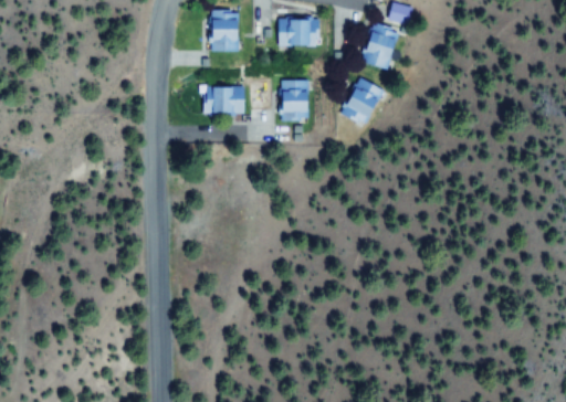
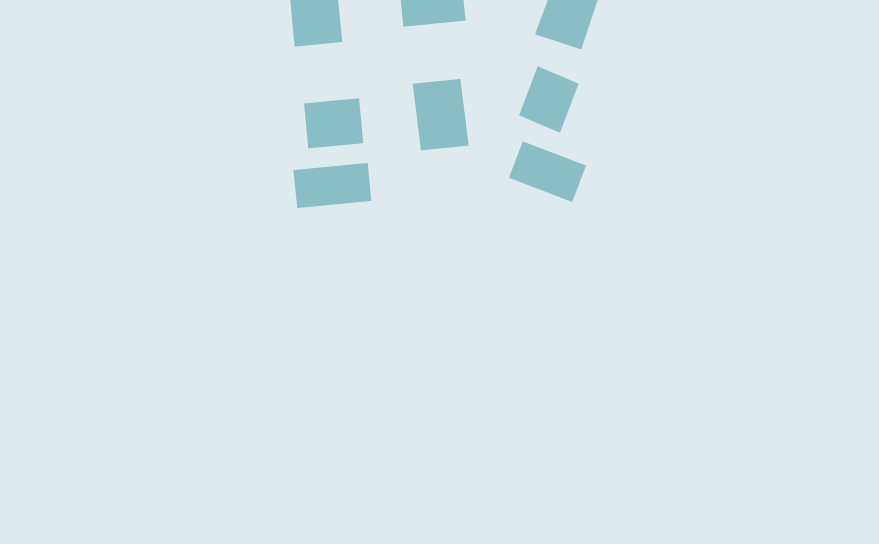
building: none -> [508,141,587,203]
building: none -> [293,162,372,209]

